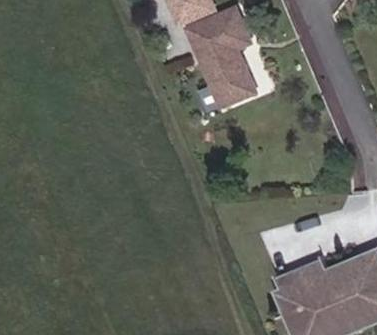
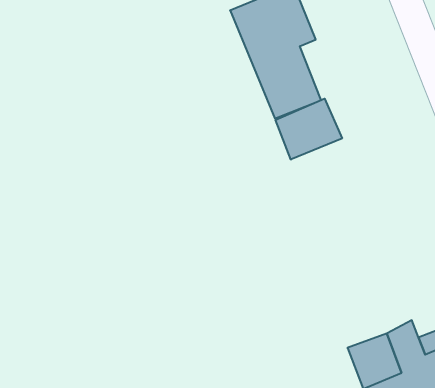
building: none -> [276,99,342,160]

